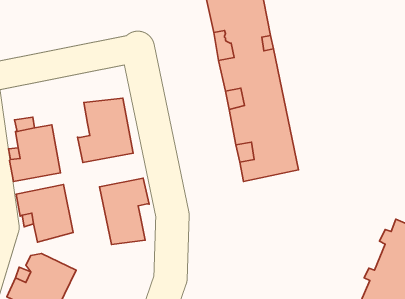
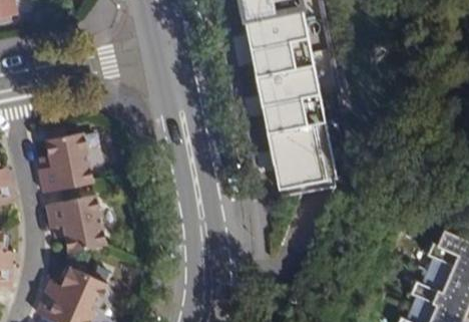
building: [77,98,133,162] -> none
building: [100,178,149,244] -> none

